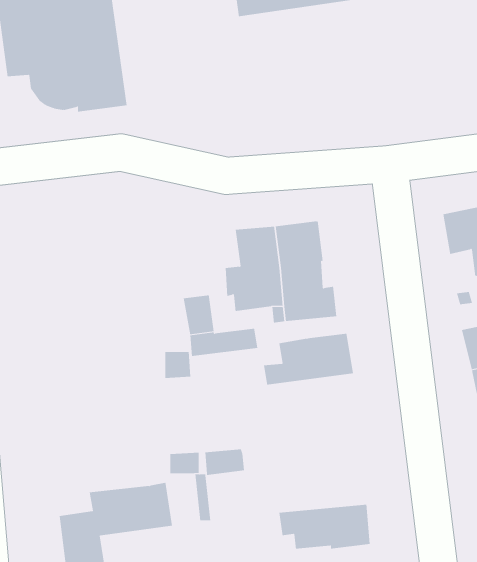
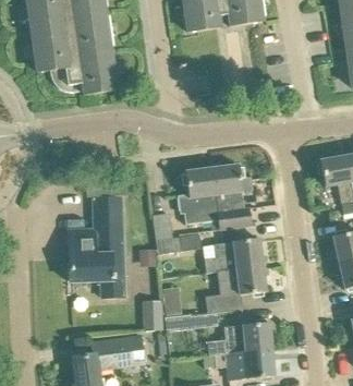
building: none -> [68,196,124,295]
building: none -> [205,263,266,312]
building: none -> [207,321,271,353]

